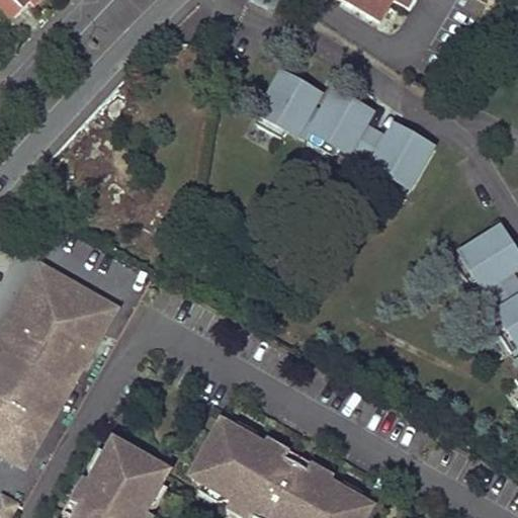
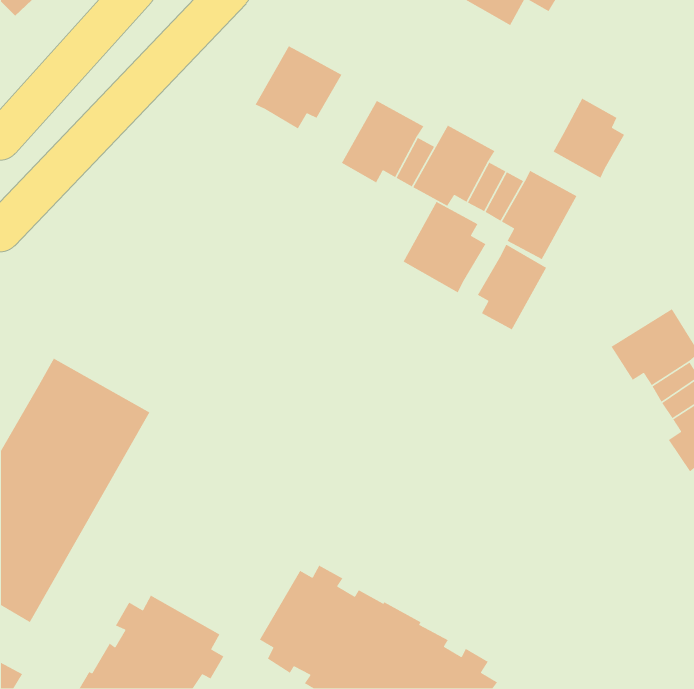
building: none -> [254,45,342,130]
building: none -> [553,97,625,179]
building: none -> [402,201,486,294]
building: none -> [477,244,547,331]

